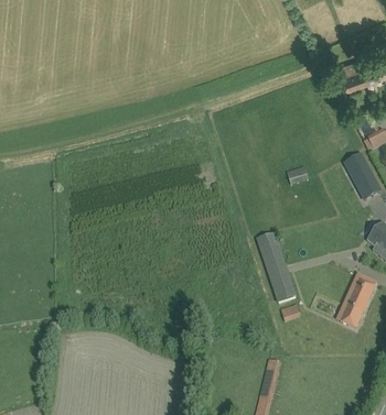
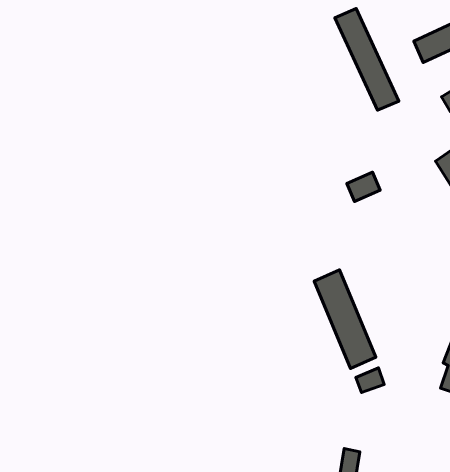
building: none -> [335,9,399,110]

